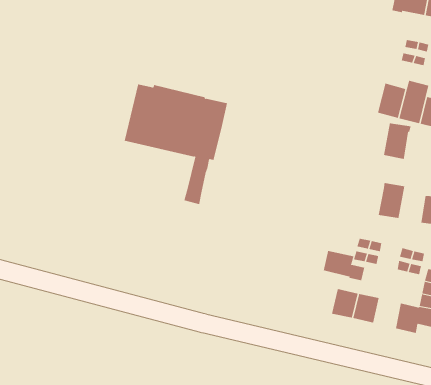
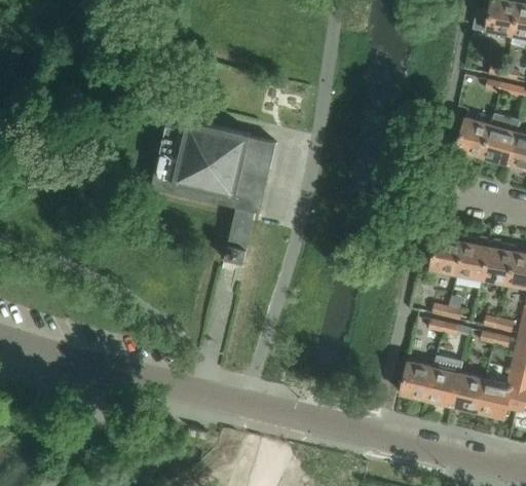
building: [383,123,411,160] -> [484,239,518,284]
building: none -> [431,236,464,274]
building: [323,250,365,281] -> none
building: none -> [453,374,485,411]

